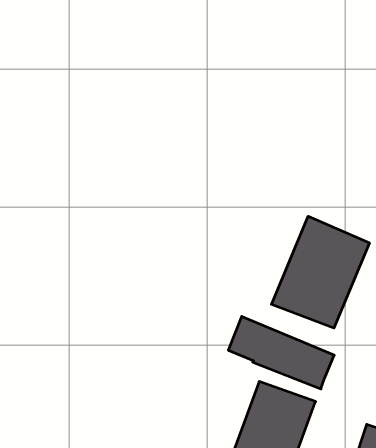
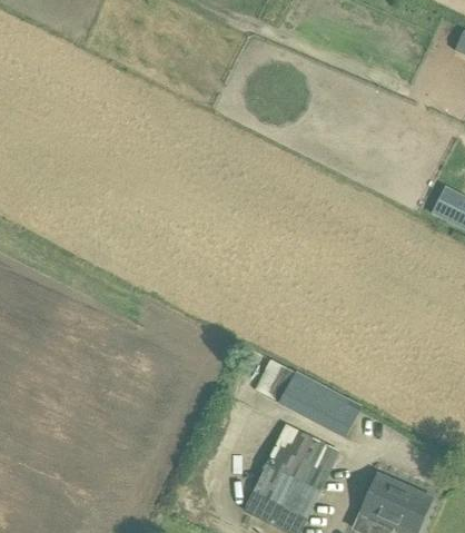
building: [271,216,369,328] -> none

